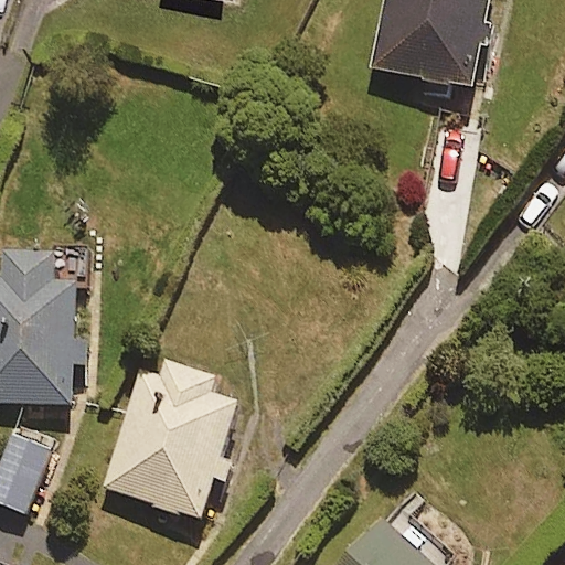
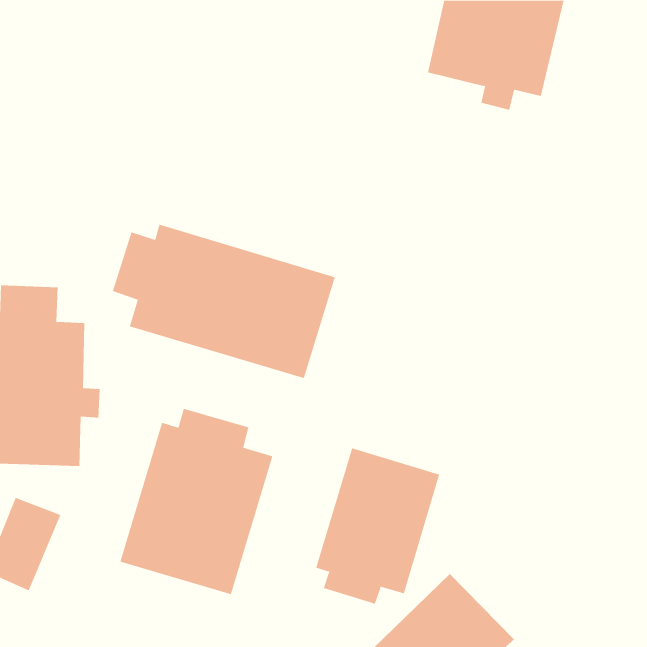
building: none -> [112,224,335,379]
building: none -> [315,447,440,605]

